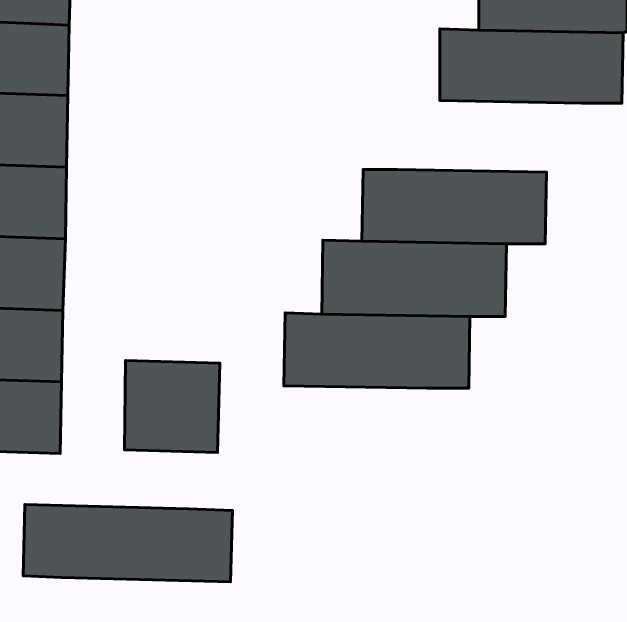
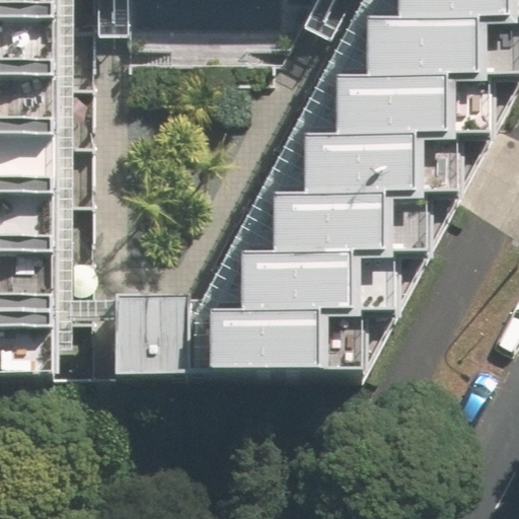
building: none -> [320,81,469,140]
building: none -> [196,310,345,368]
building: [23,504,232,582] -> none

